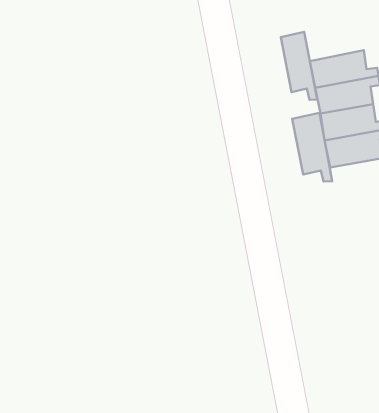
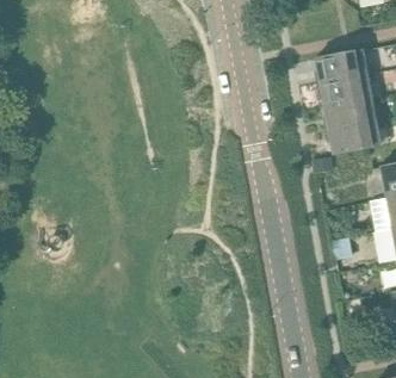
building: [281,32,317,100] -> none
building: [292,113,332,182] -> none

